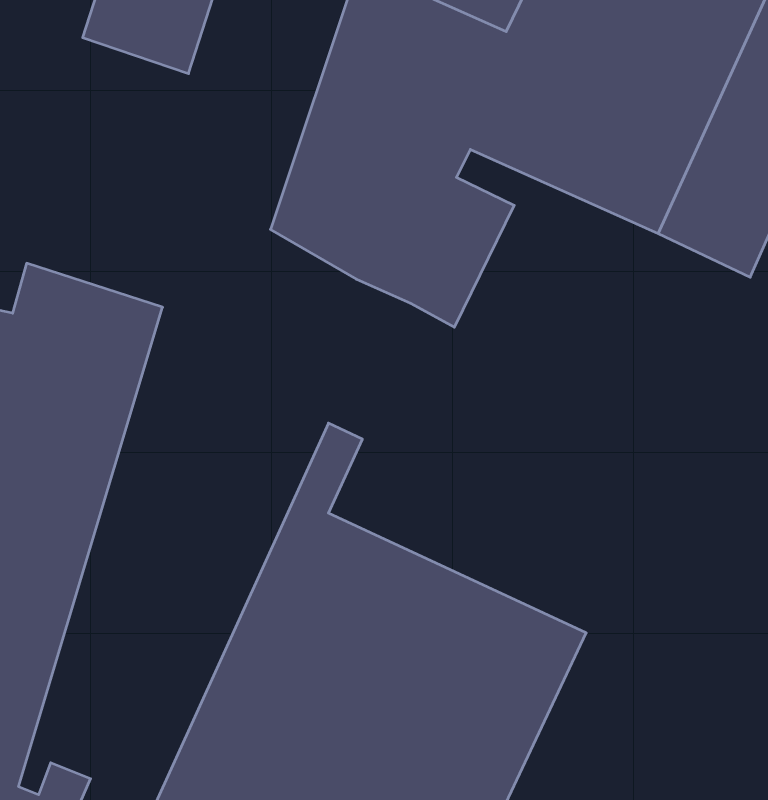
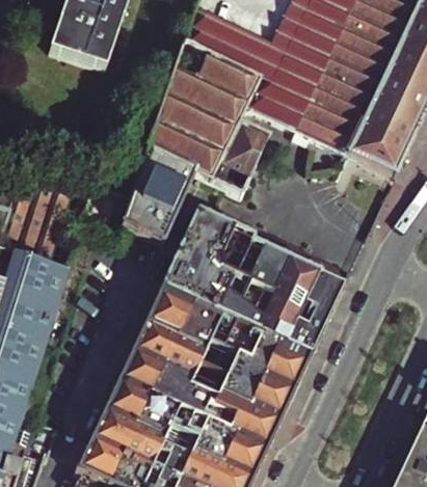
building: none -> [121,150,191,245]
building: none -> [177,213,343,359]

